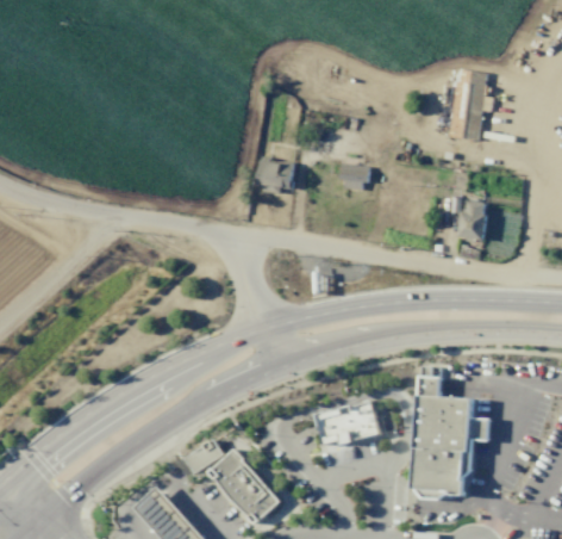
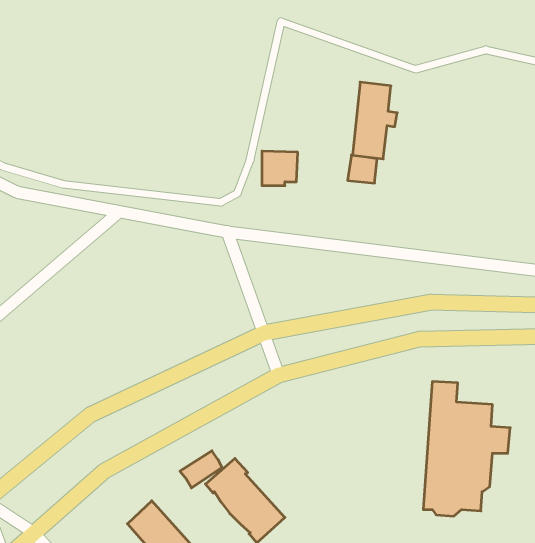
building: [451,70,493,142] -> [352,82,397,159]
building: [460,203,487,240] -> none
building: [317,401,381,446] -> none

